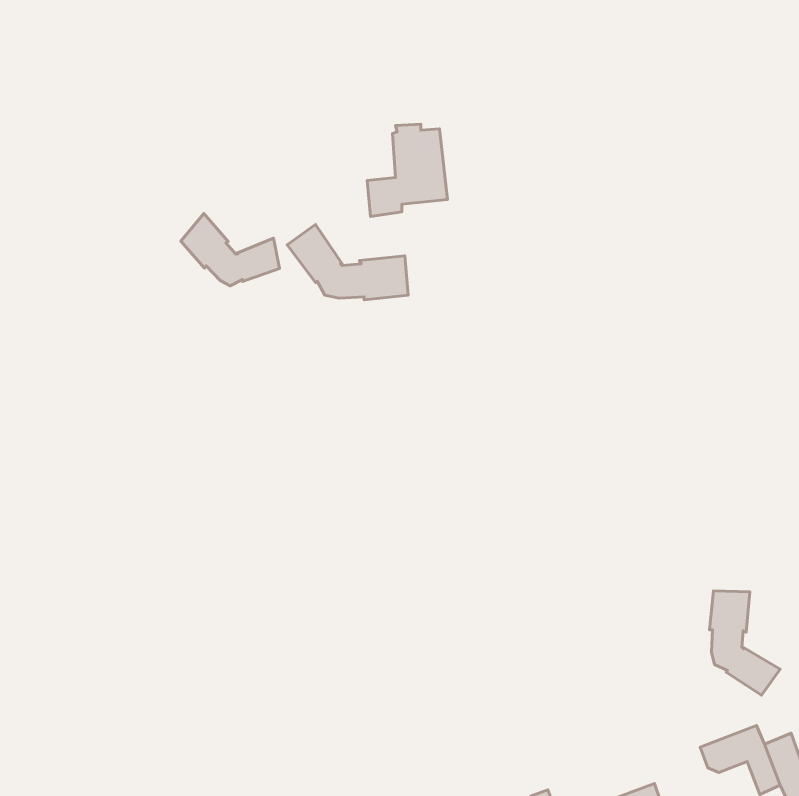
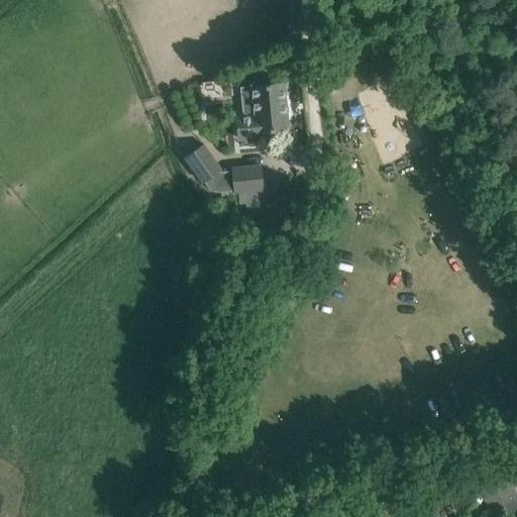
building: [181,214,279,286] -> none
building: [710,591,780,695] -> none

